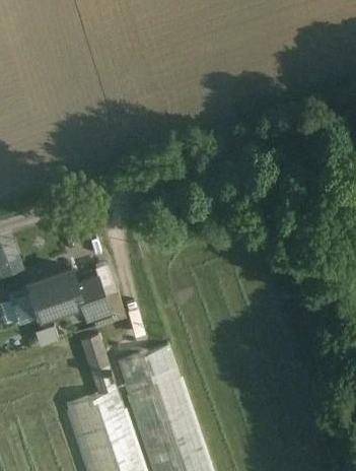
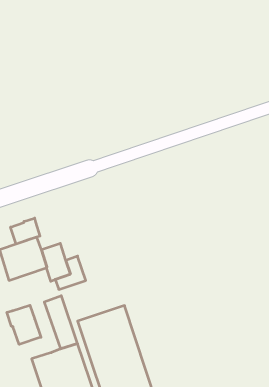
building: none -> [11,218,40,244]
building: none -> [7,305,41,344]

